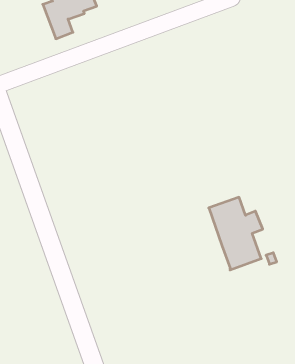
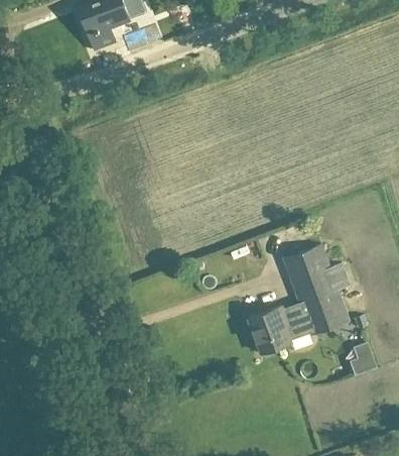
building: none -> [249,305,309,356]
building: none -> [348,342,376,374]

